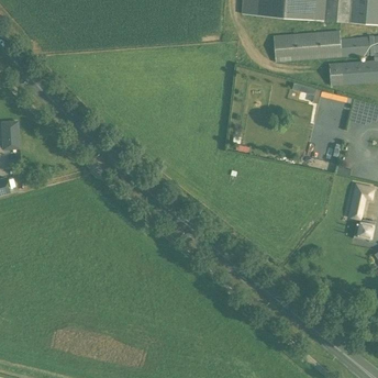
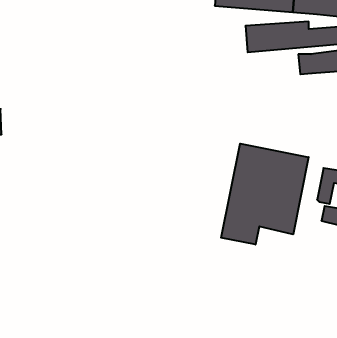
building: none -> [221,144,309,245]

